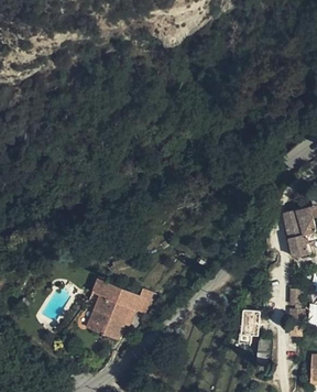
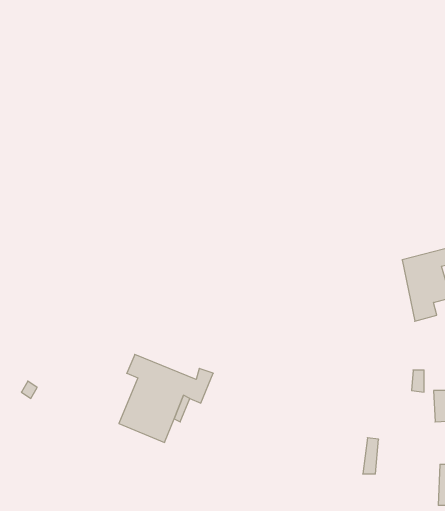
building: [239,311,258,341] -> none

